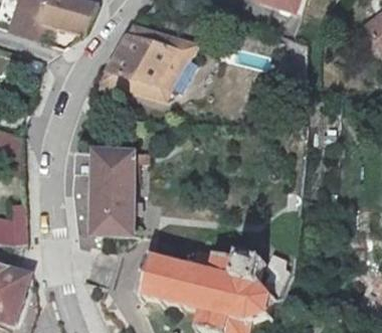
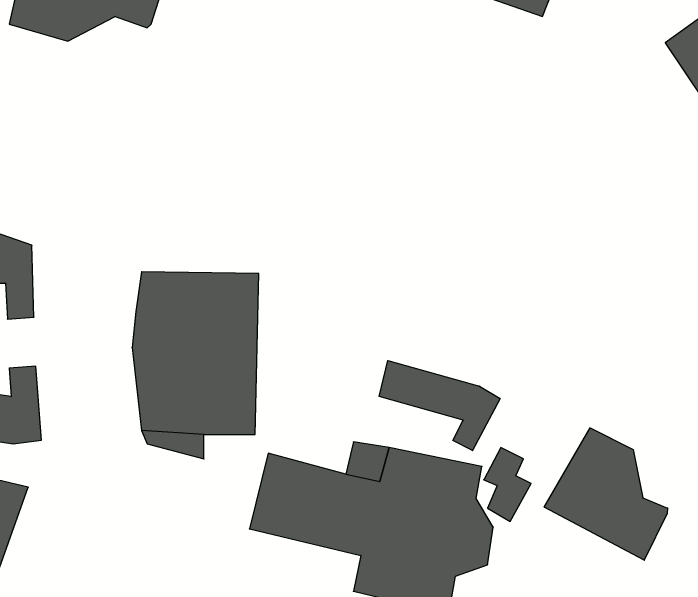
building: [109,26,195,95] -> none
building: none -> [379,361,500,451]
building: none -> [544,428,668,560]

